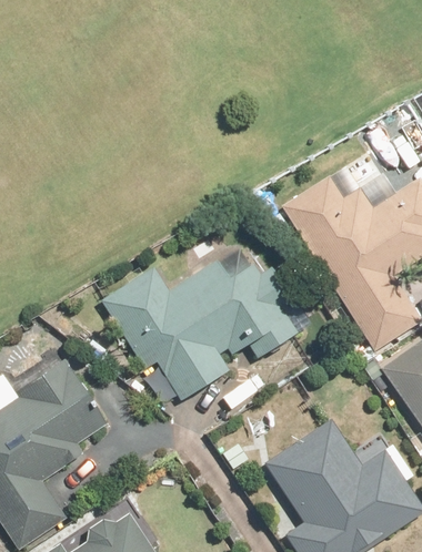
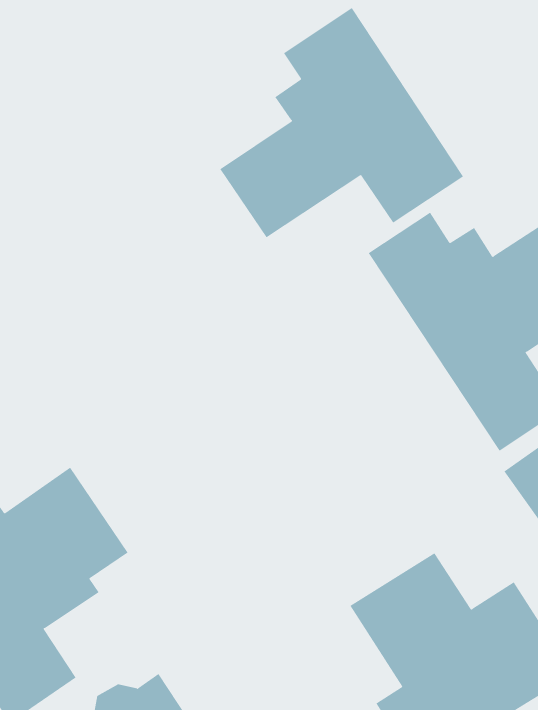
building: none -> [219,7,464,238]
building: [103,247,295,396] -> none

